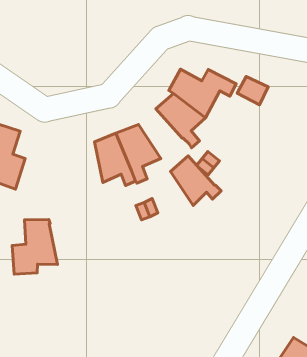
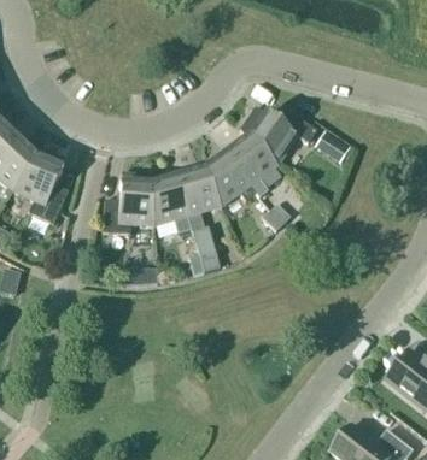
building: [171,156,221,205] -> [200,149,256,206]
building: [12,220,58,274] -> [103,172,153,234]

